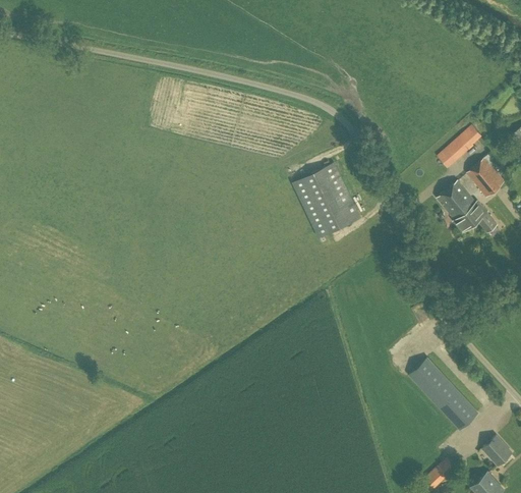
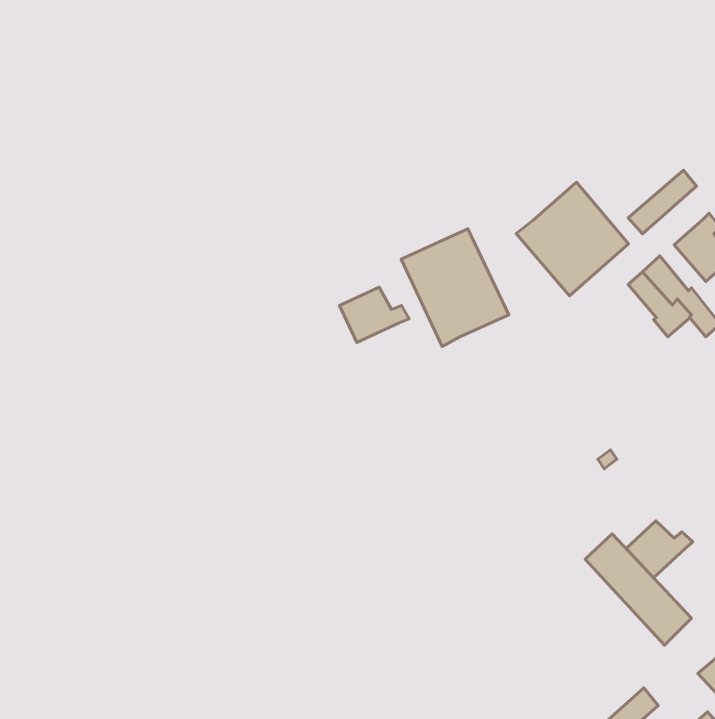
building: none -> [516,182,628,296]
building: none -> [340,287,409,342]
building: none -> [626,521,693,578]

